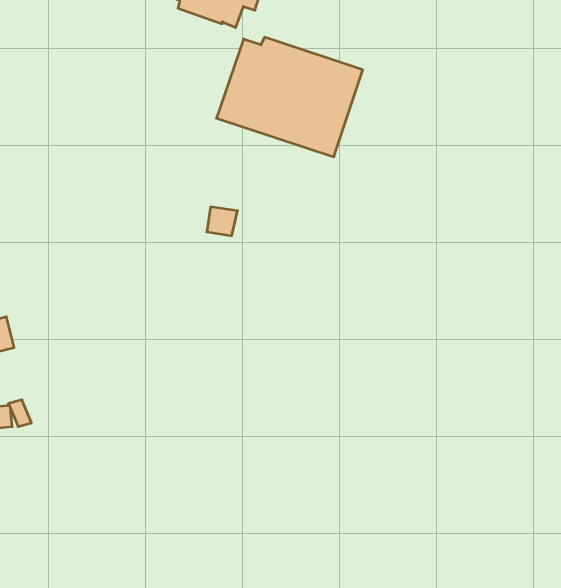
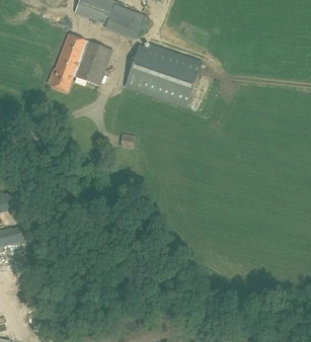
building: none -> [48,32,111,91]

